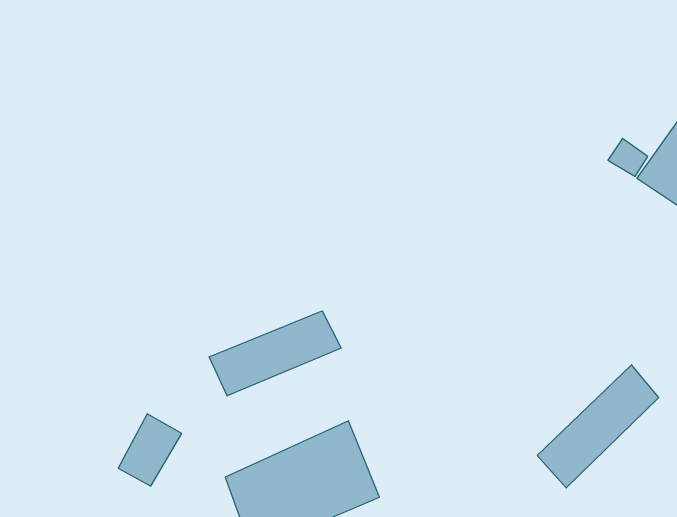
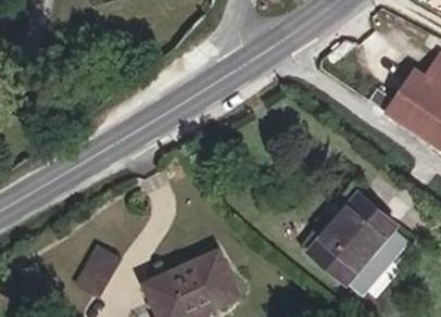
building: none -> [294,187,385,277]
building: [209,311,341,396] -> none

